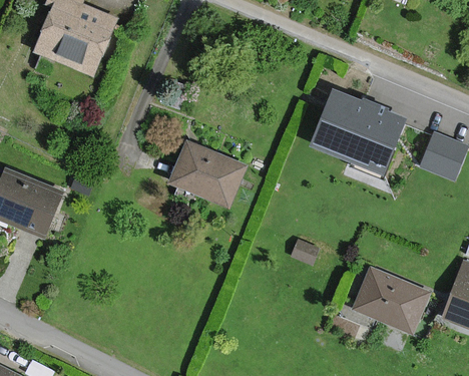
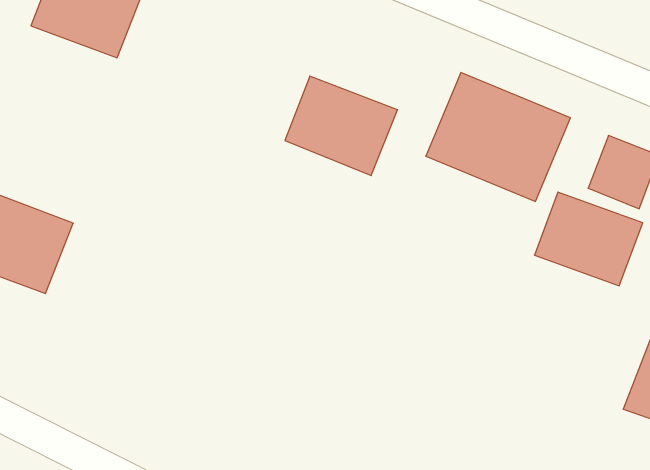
building: [167,140,245,209] -> [285,76,398,176]
building: [352,267,426,331] -> [534,192,643,286]

